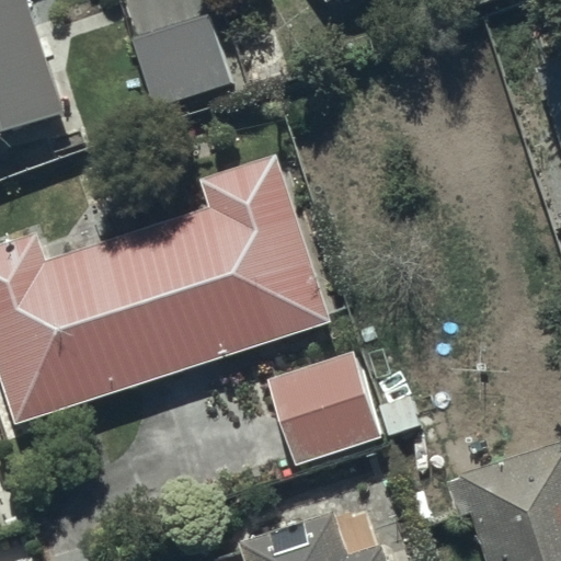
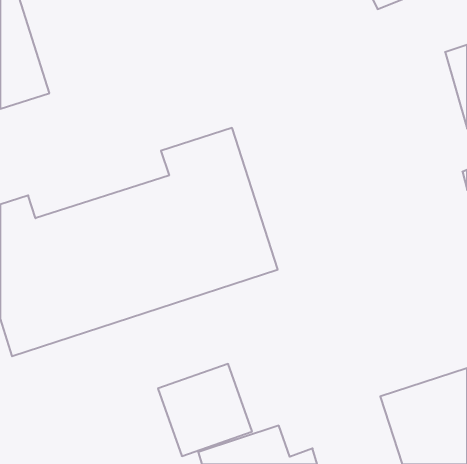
building: [129,11,232,108] -> none
building: [264,353,377,463] -> [158,364,252,456]

